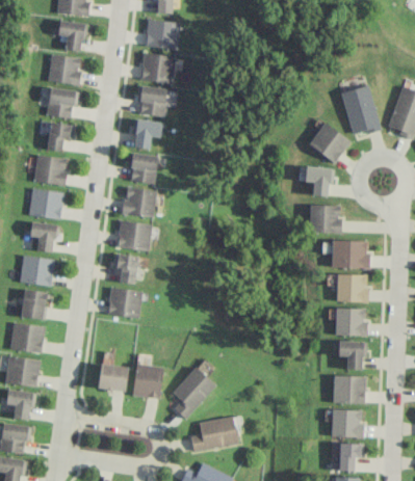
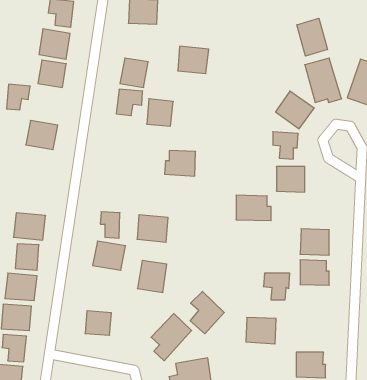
building: none -> [297,18,327,56]
building: [140,53,175,83] -> [178,46,209,74]
building: [47,123,73,151] -> [7,84,30,110]
building: [128,153,157,183] -> [147,99,173,126]
building: [28,188,62,218] -> none
building: [121,188,155,216] -> [165,151,196,176]
building: [116,220,151,250] -> [137,215,168,242]
building: [29,221,56,252] -> none
building: [331,240,369,268] -> [236,195,271,221]
building: [337,341,366,370] -> [263,273,290,300]
building: none -> [190,291,224,334]
building: [131,364,163,399] -> [137,260,167,292]
building: [332,375,365,404] -> [246,317,276,344]

